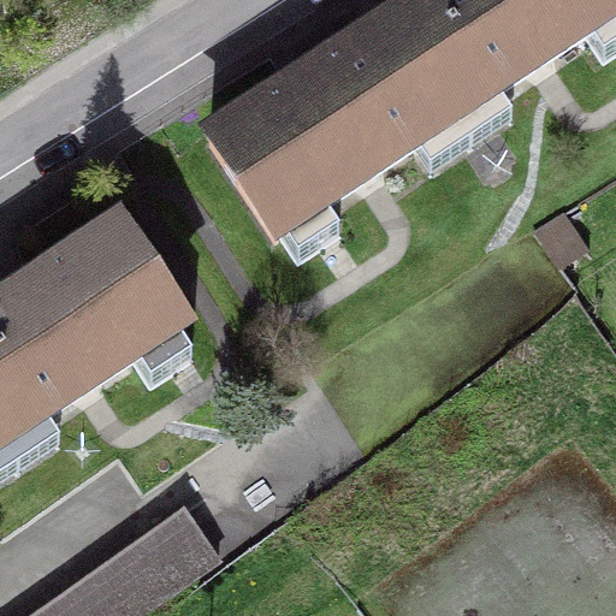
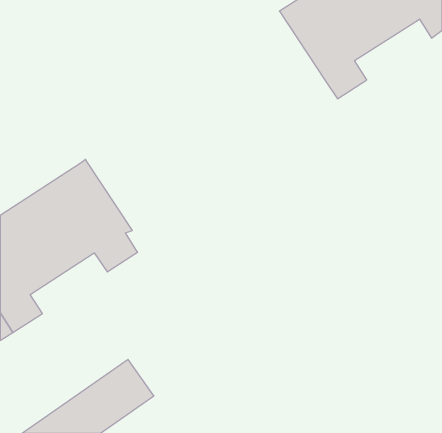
building: [207,16,469,251] -> none

